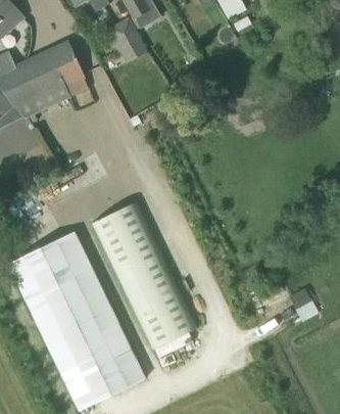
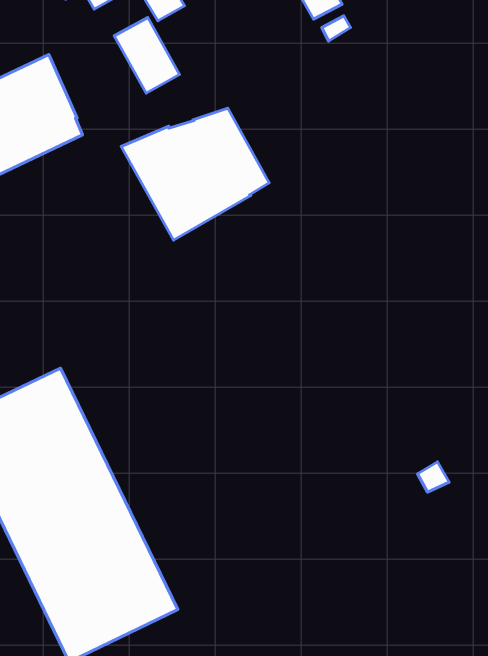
building: none -> [121,108,269,240]
building: [90,202,196,351] -> none

